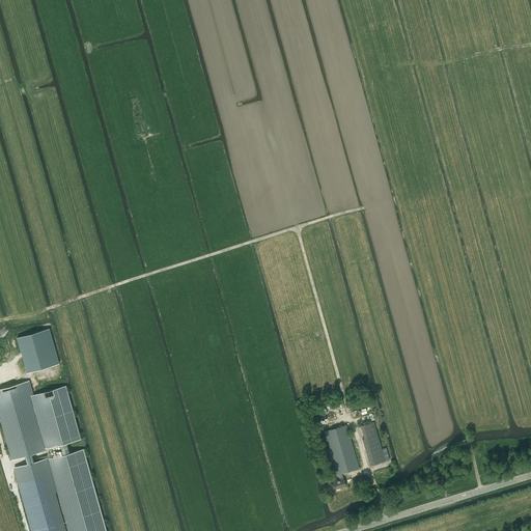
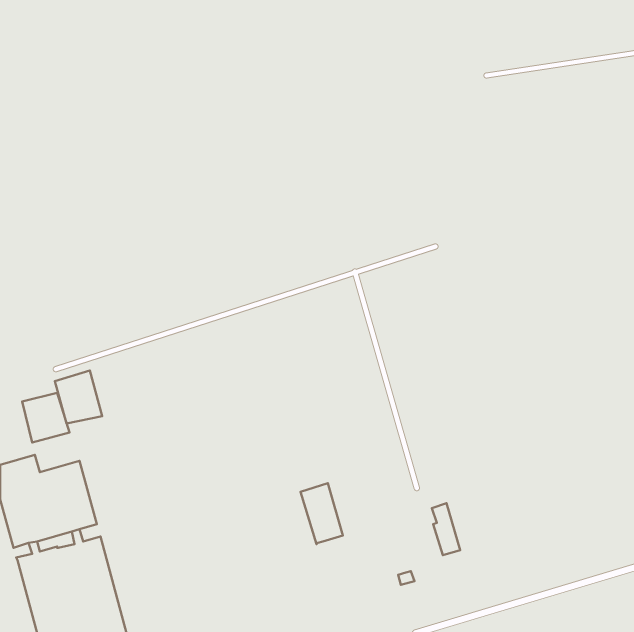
building: none -> [55,370,102,423]
building: [324,425,359,476] -> [301,483,343,544]

